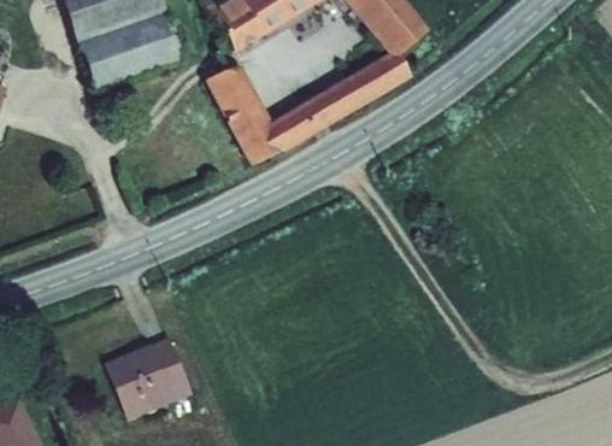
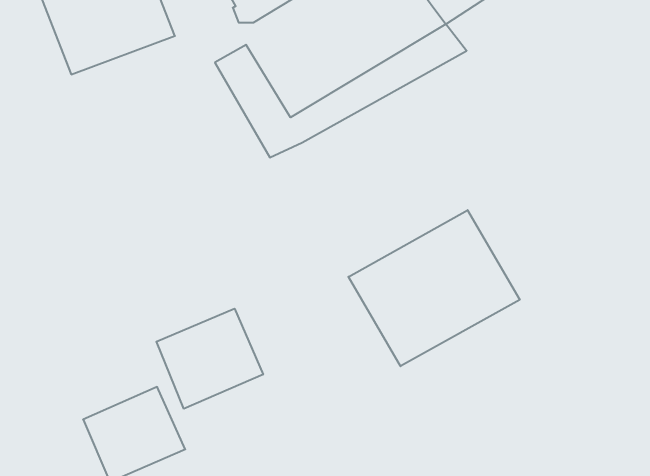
building: none -> [348,210,520,366]
building: none -> [156,309,263,409]

